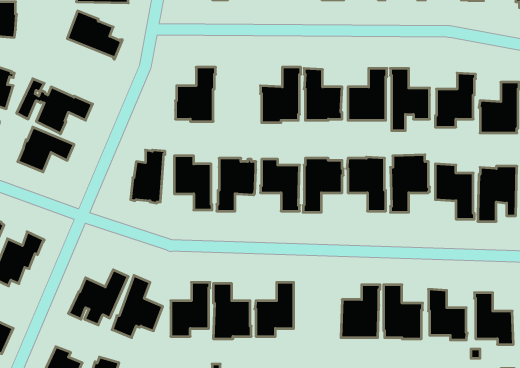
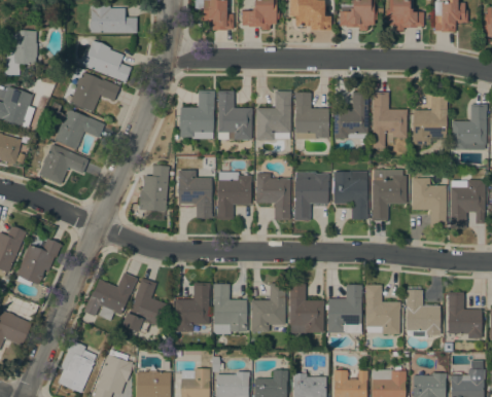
building: none -> [70,71,118,111]
building: none -> [217,91,252,140]
building: none -> [289,283,324,332]

